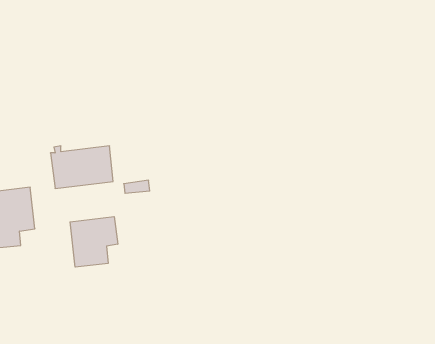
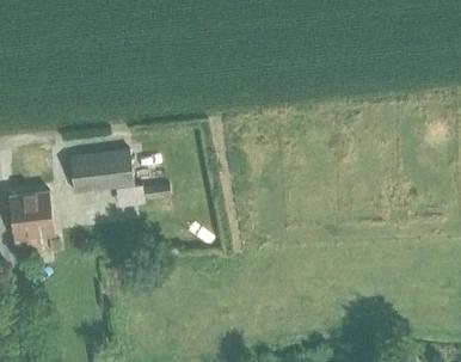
building: [70,217,118,267] -> none

